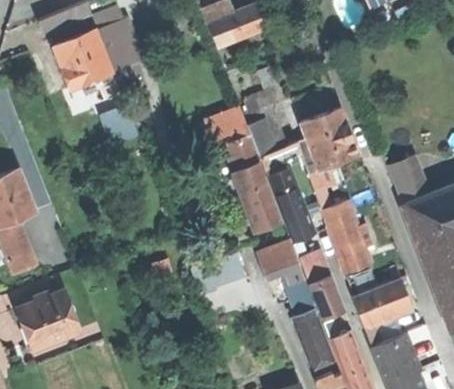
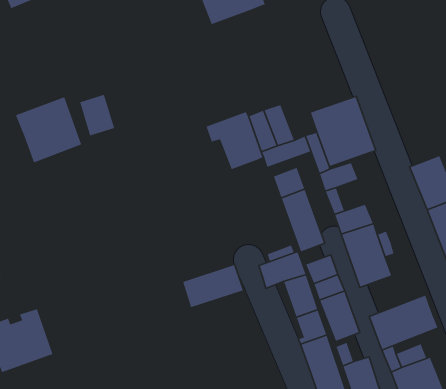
building: [54,31,112,89] -> [15,96,82,164]
building: [239,89,276,125] -> none
building: [233,163,279,230] -> none

